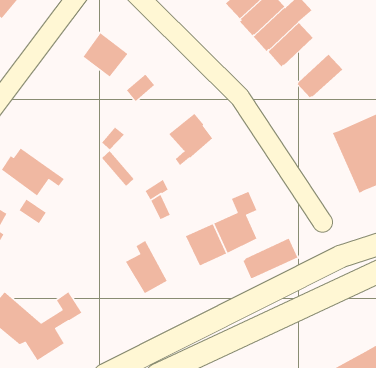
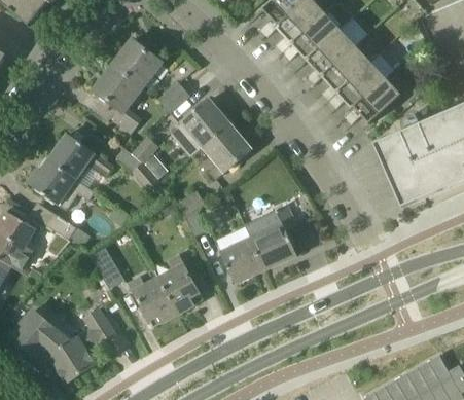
building: none -> [322,43,370,90]
building: none -> [94,63,142,131]
building: none -> [354,76,401,122]
building: none -> [169,98,230,155]
building: none -> [48,132,113,177]
building: none -> [91,246,123,286]
building: [242,237,299,279] -> none
building: none -> [130,276,178,325]

